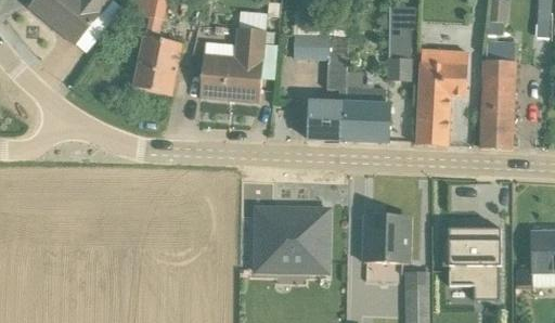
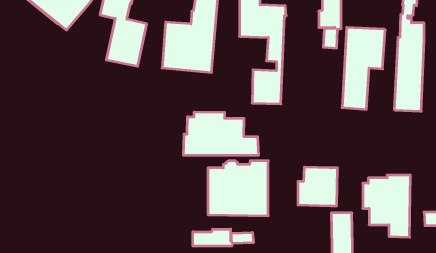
building: [343,87,389,141] -> none
building: none -> [184,112,258,155]
building: none -> [193,229,253,246]

